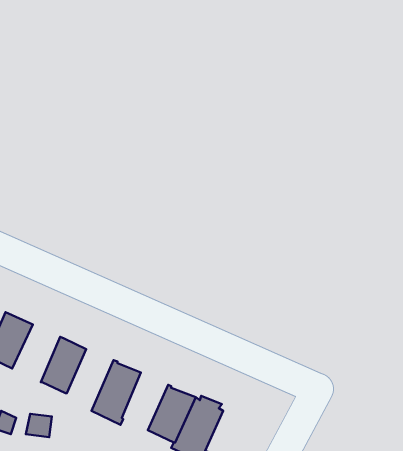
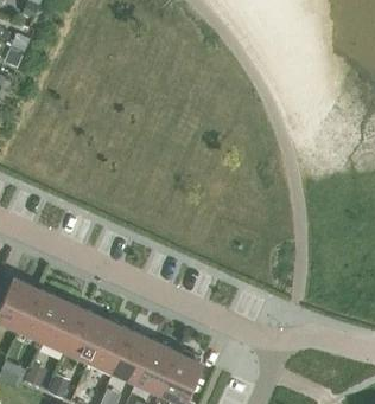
building: none -> [15,289,59,344]
building: none -> [63,310,106,364]
building: none -> [113,331,153,380]

